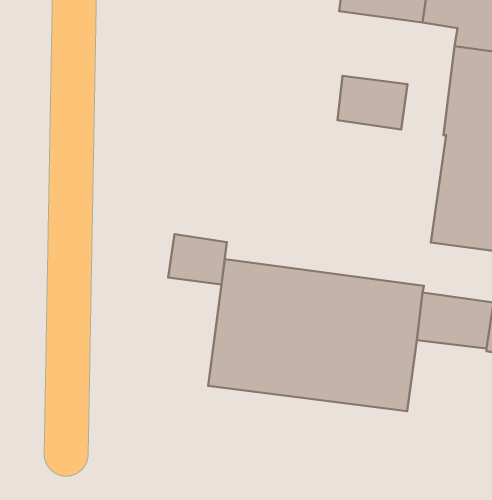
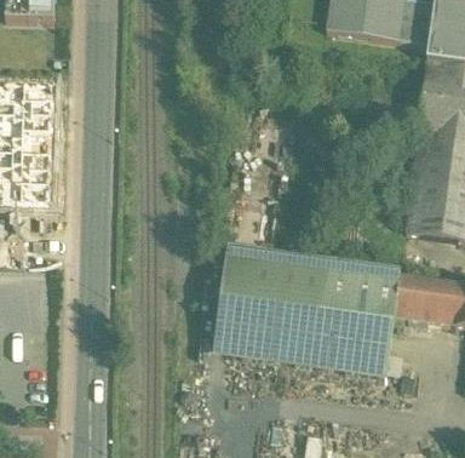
building: [337,76,408,130] -> none
building: [168,234,227,284] -> none

